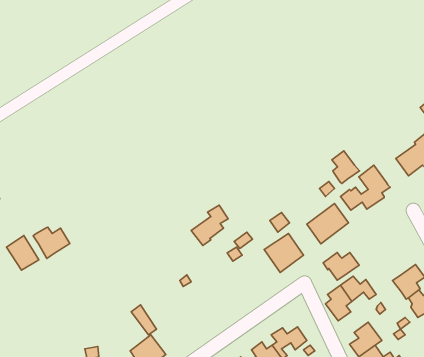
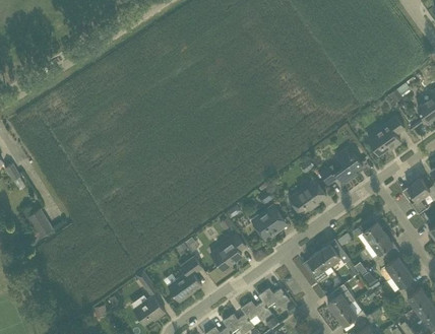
building: [332,151,359,184] -> none
building: [191,205,228,245] -> [213,236,246,271]
building: [33,227,70,259] -> none
building: [323,252,359,280] -> [354,222,385,247]
building: none -> [168,257,202,300]

